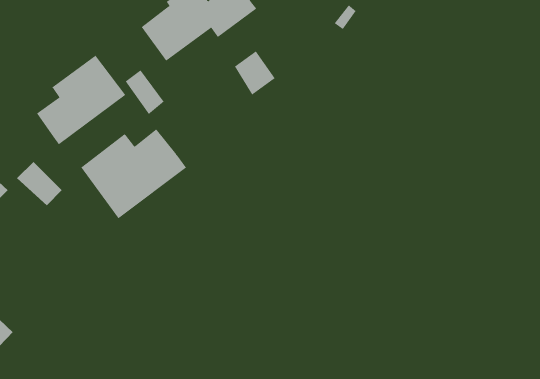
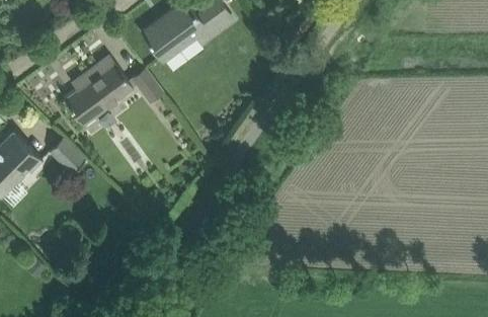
building: [234,51,276,95] -> none
building: [81,128,187,219] -> none

